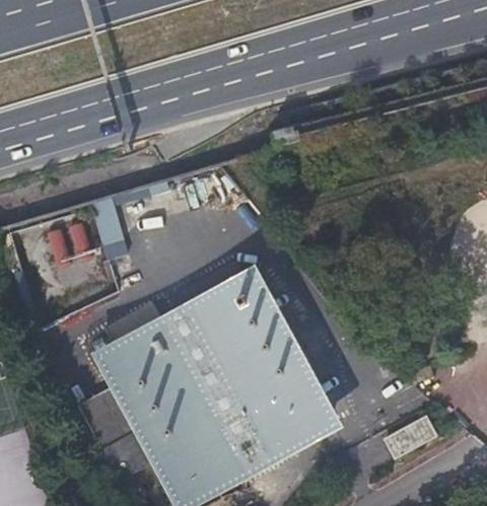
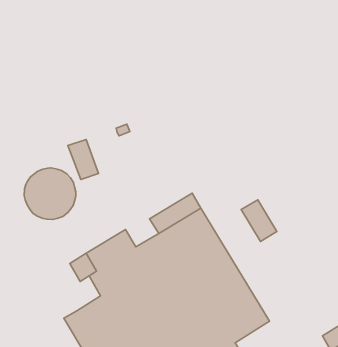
building: none -> [241,200,277,242]

